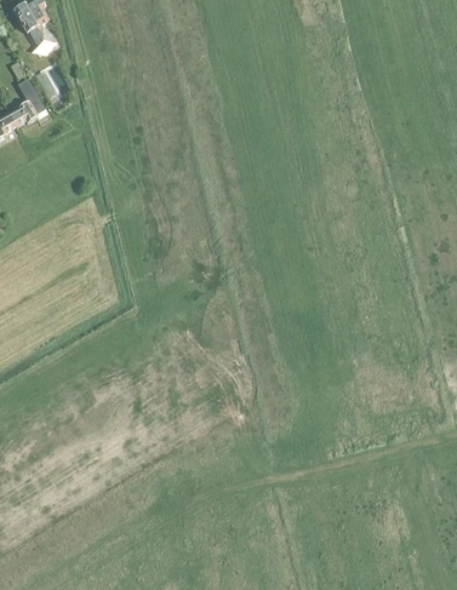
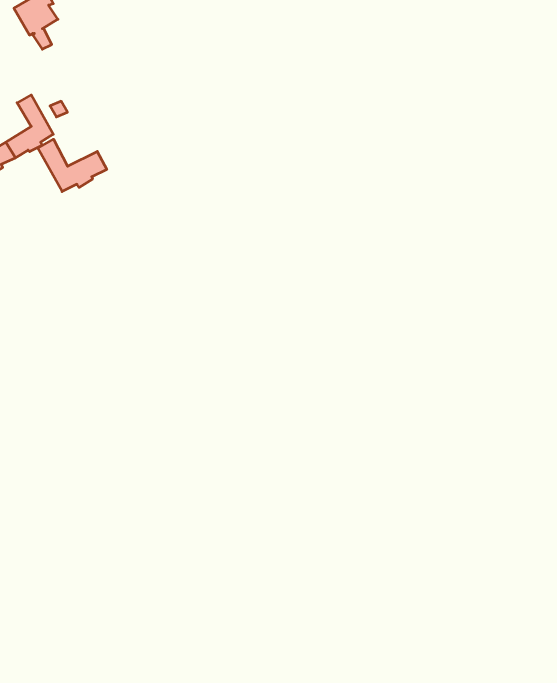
building: none -> [38,139,107,192]

